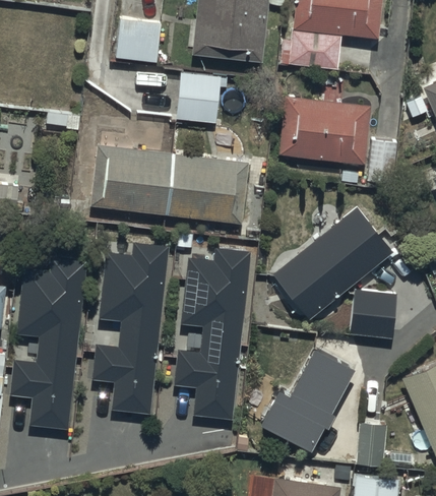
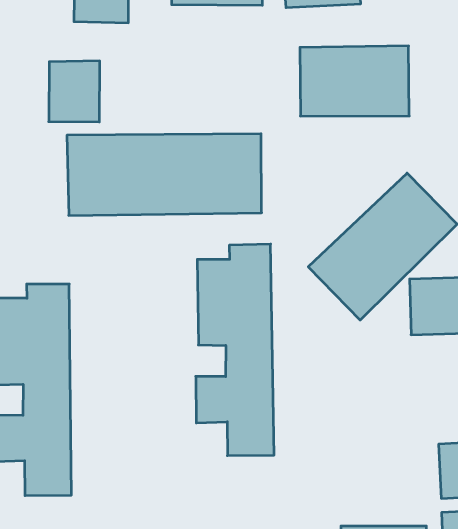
building: [176,72,222,124] -> [49,61,100,122]
building: [90,243,166,412] -> none
building: [254,343,355,449] -> none

